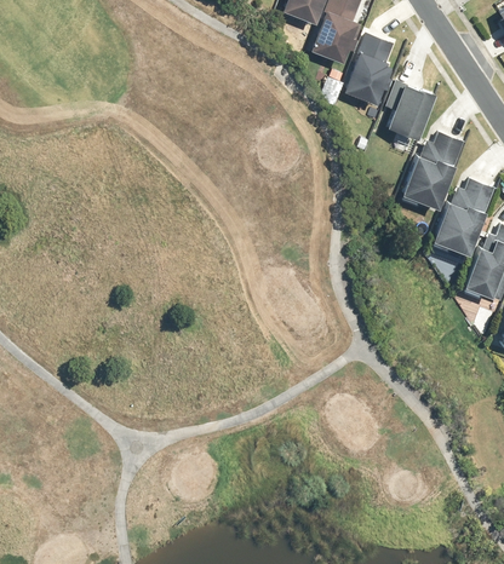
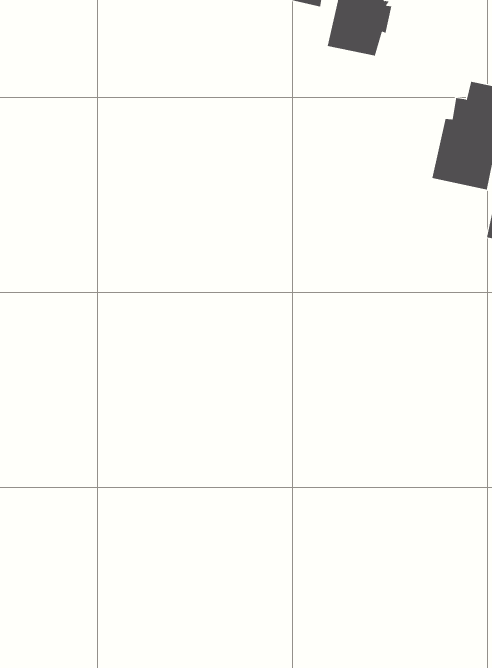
building: [386,80,435,138] -> none

